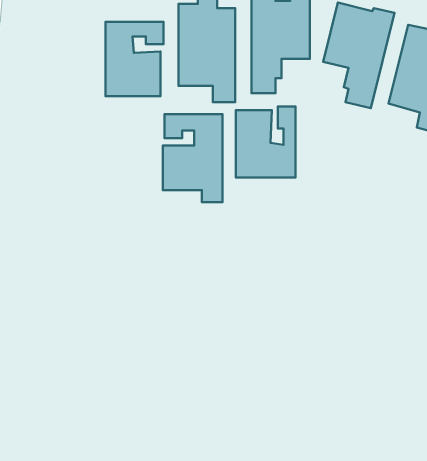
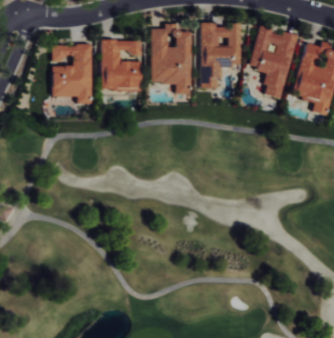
building: [236,107,296,177] -> none
building: [163,114,223,202] -> [52,44,92,103]

